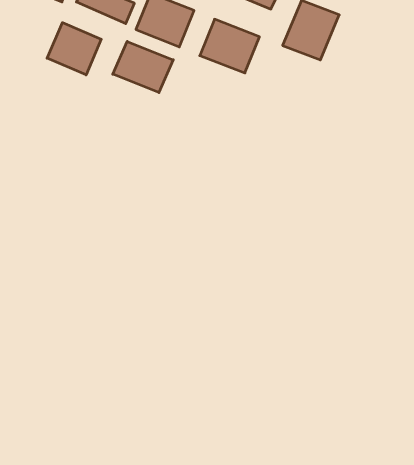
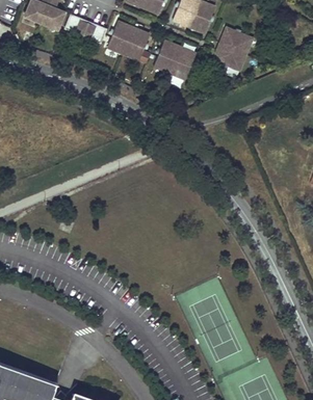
building: [47,23,101,75] -> none
building: [113,41,173,93] -> none

